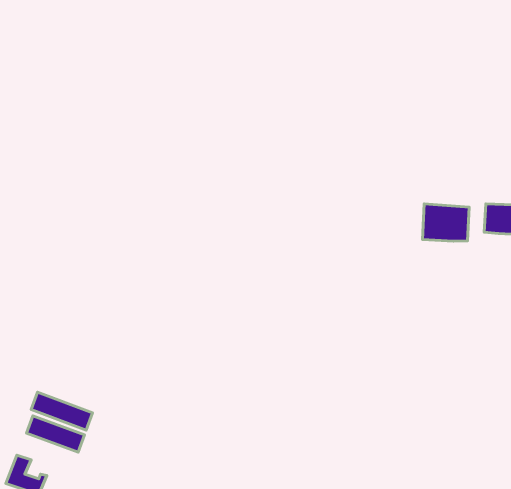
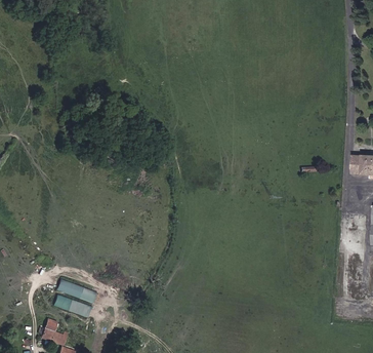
building: [422,204,469,241] -> none

